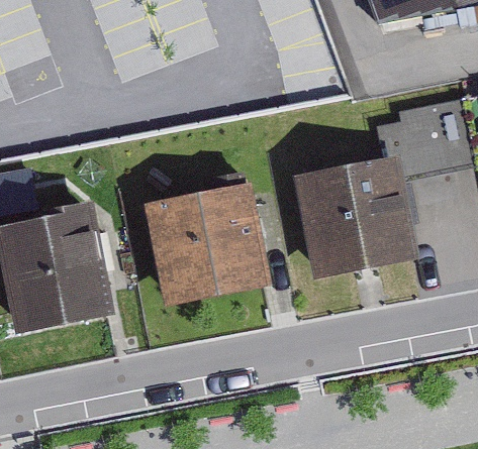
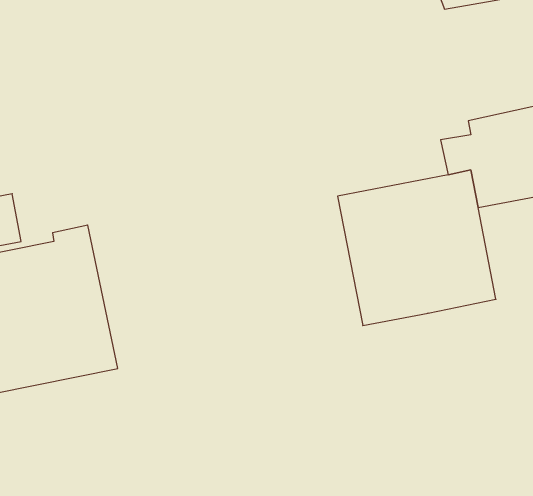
building: [142,181,272,306] -> none

